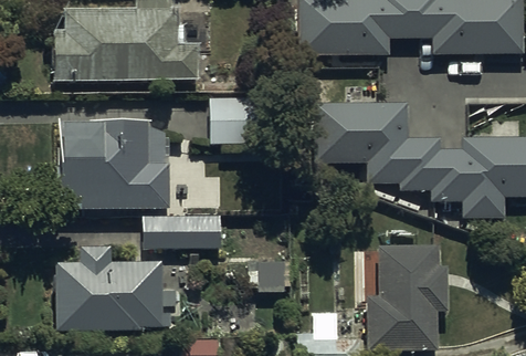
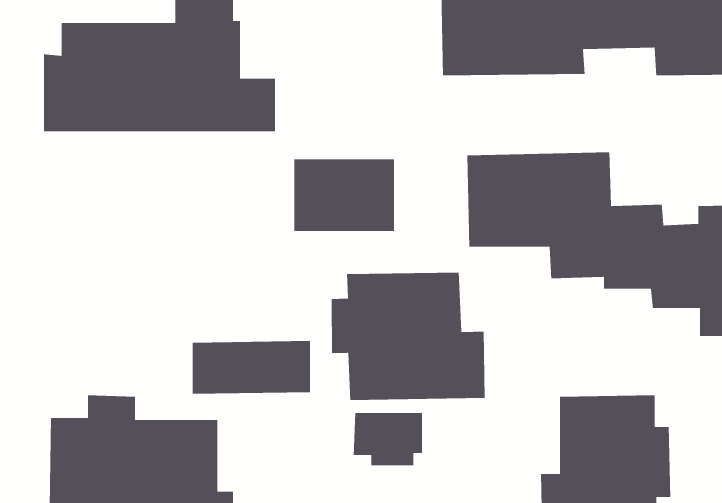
building: [54,119,170,214] -> none
building: none -> [331,272,485,401]

